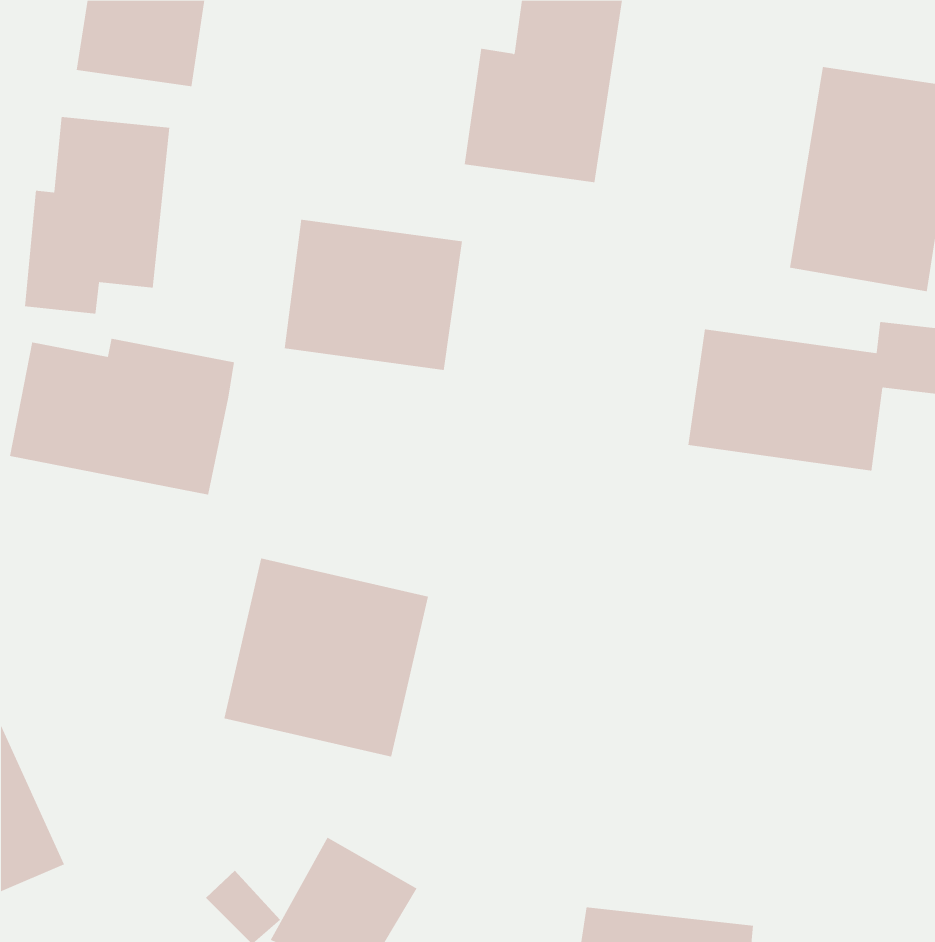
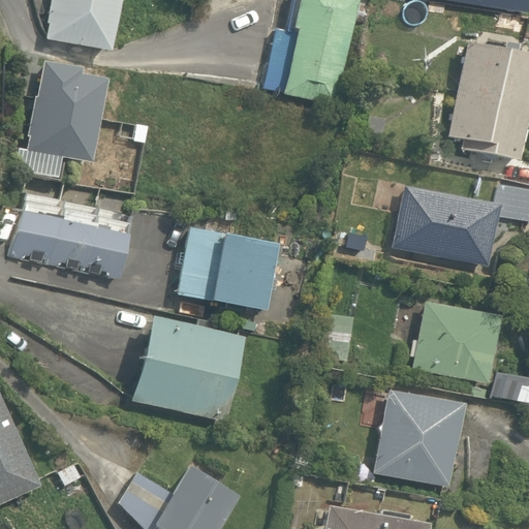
building: [284,219,463,371] -> [179,224,279,309]
building: none -> [416,298,504,383]
building: none -> [374,386,464,487]

